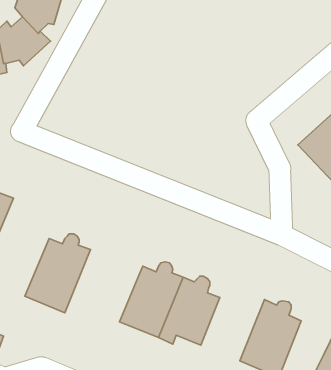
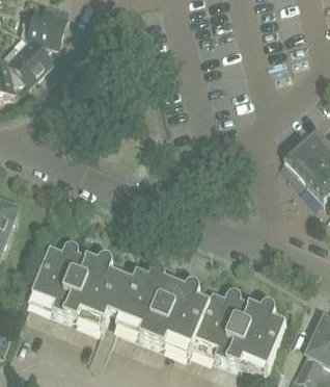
building: none -> [65,258,135,332]
building: none -> [192,291,251,362]

